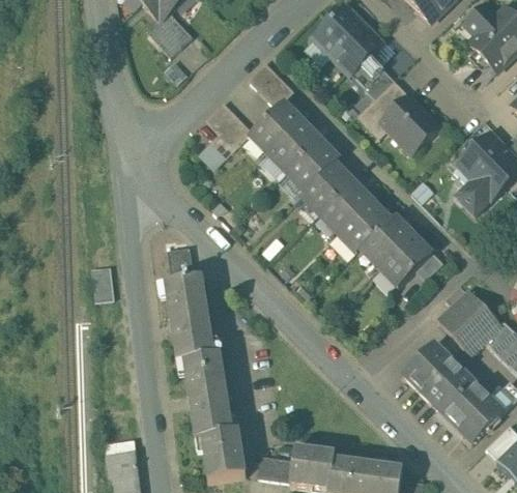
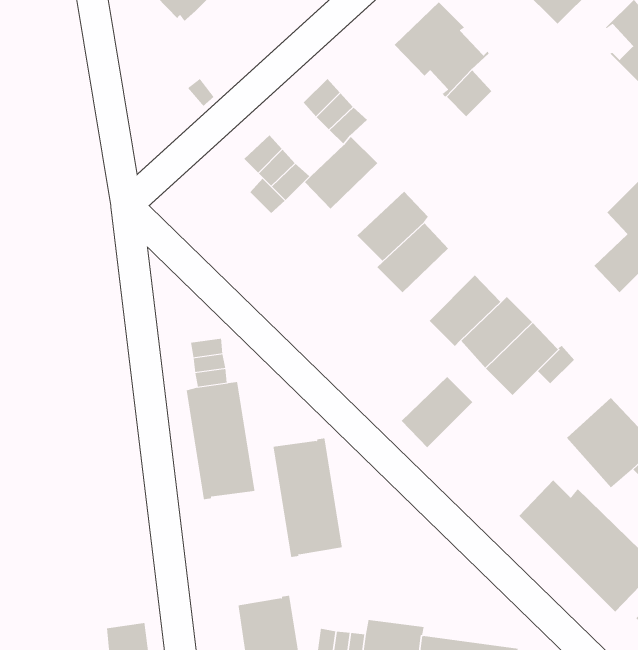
building: [148,11,193,56] -> none
building: [356,70,440,153] -> none
building: [267,120,320,172] -> none
building: [319,181,371,233] -> [401,376,473,448]
building: [91,265,113,299] -> none
building: [182,353,232,439] -> [273,438,342,558]

